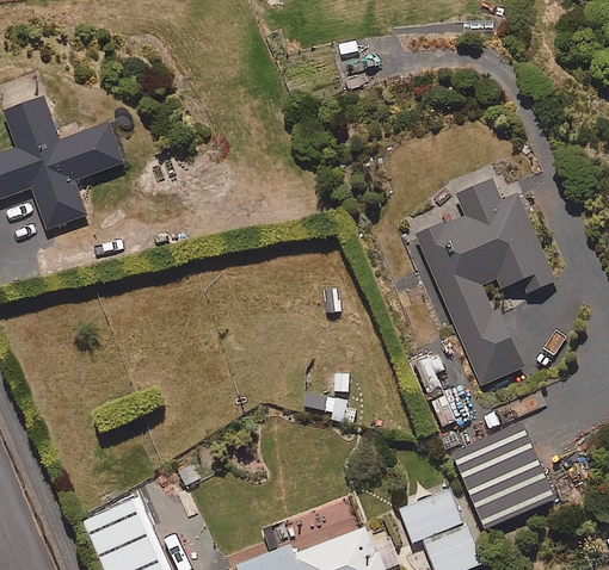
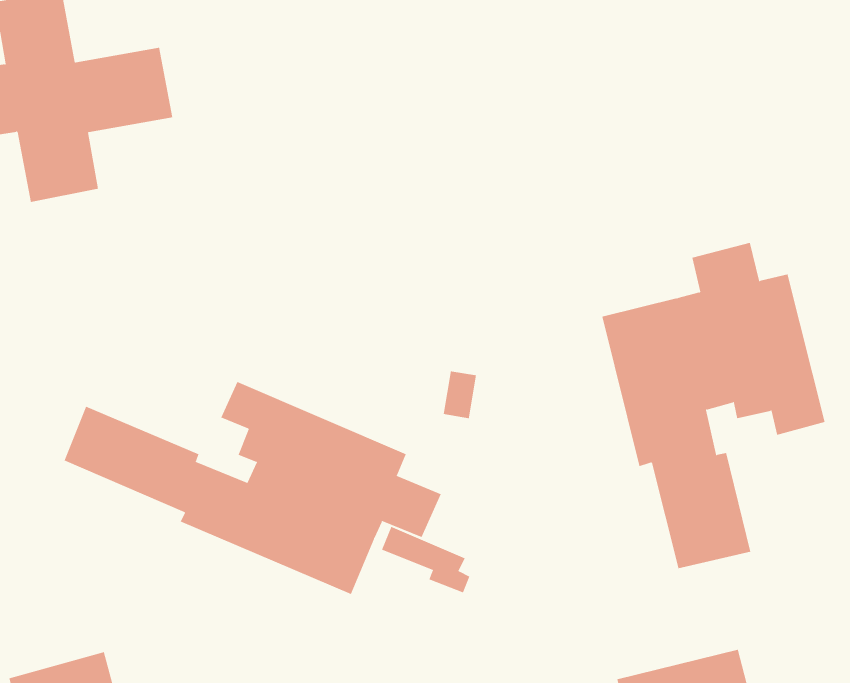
building: none -> [64,381,441,595]

